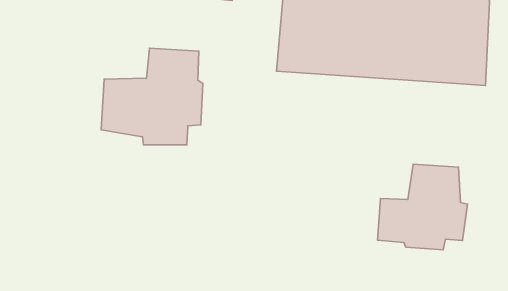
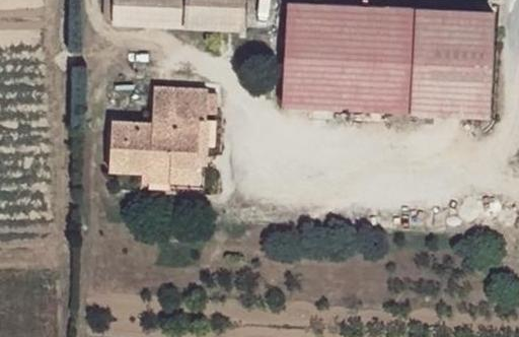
building: [378,164,467,250] -> none

